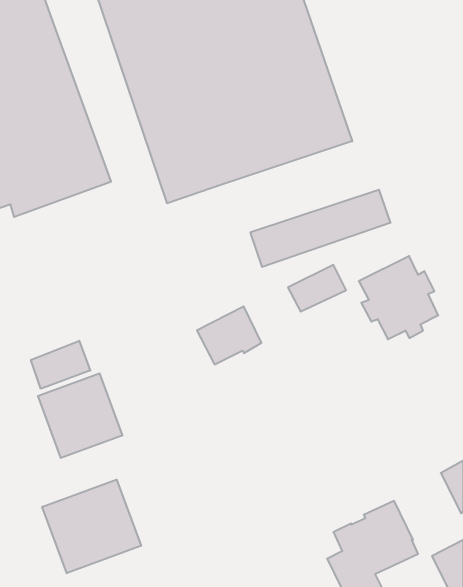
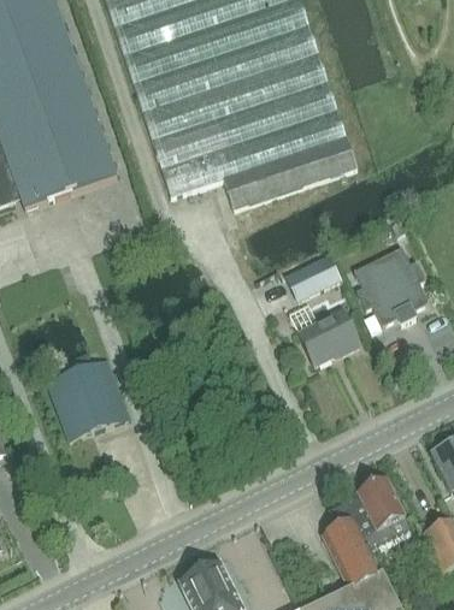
building: [250,190,391,267] -> [223,136,356,209]
building: [197,306,261,364] -> [297,308,359,363]
building: [31,341,90,389] -> none
building: [42,480,141,573] -> none

